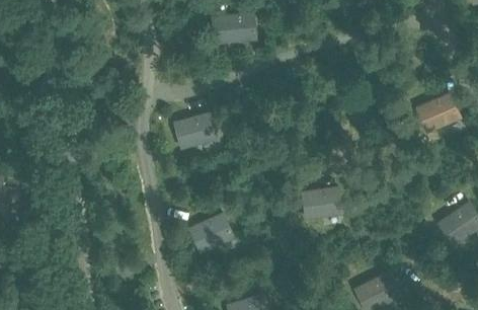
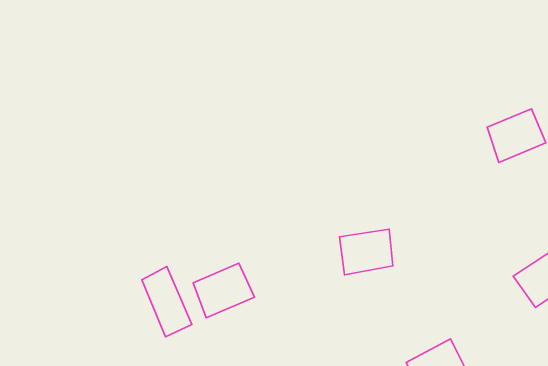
building: [212,12,257,45] -> none
building: [173,112,219,150] -> none
building: none -> [142,267,192,337]

